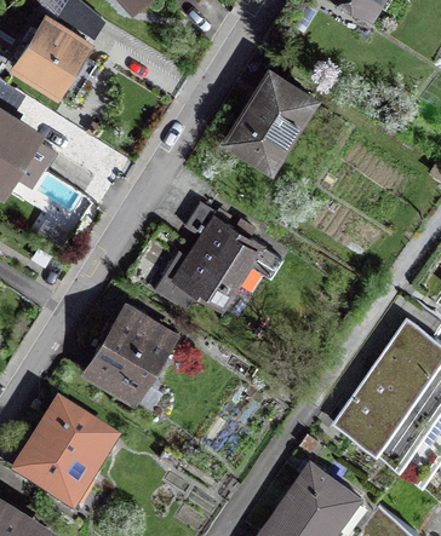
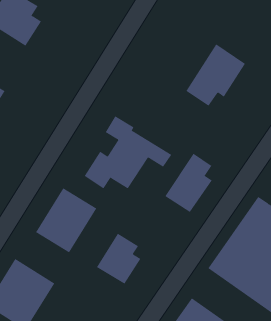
building: [225,71,313,162] -> [185,44,246,107]
building: none -> [164,153,212,213]
building: none -> [96,233,141,285]

